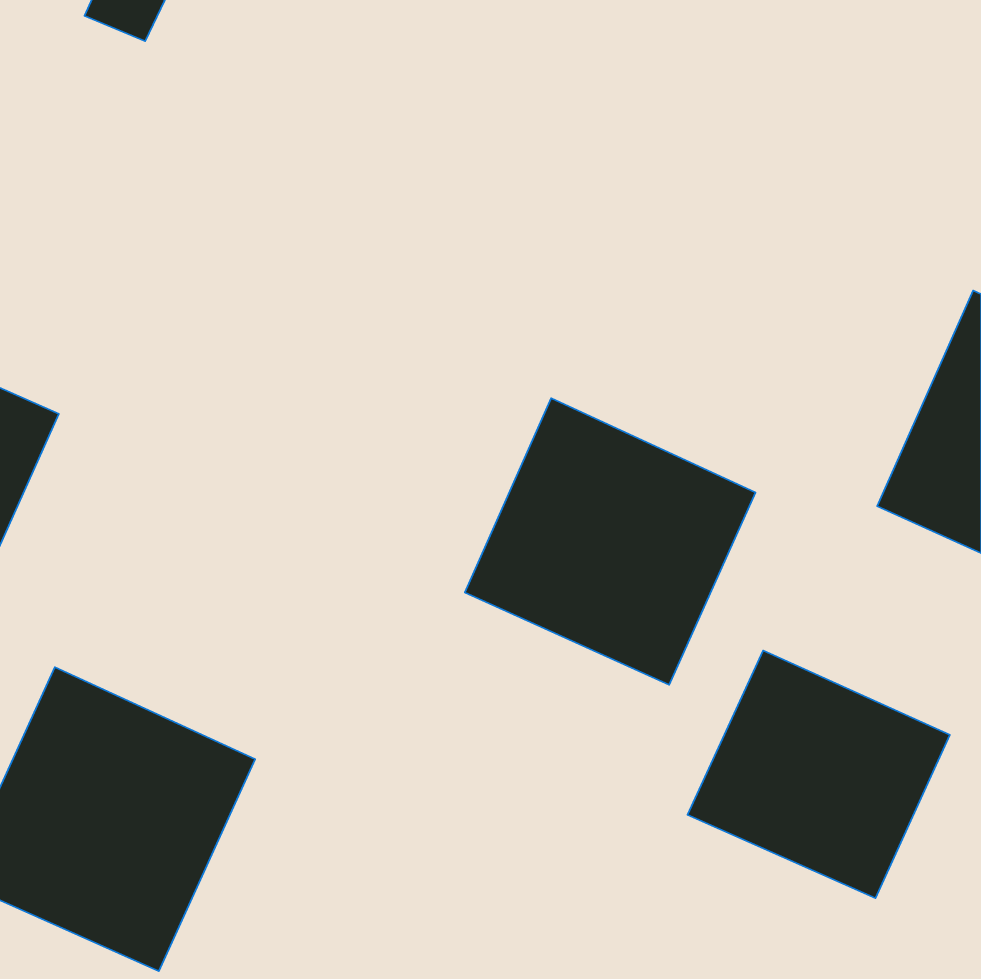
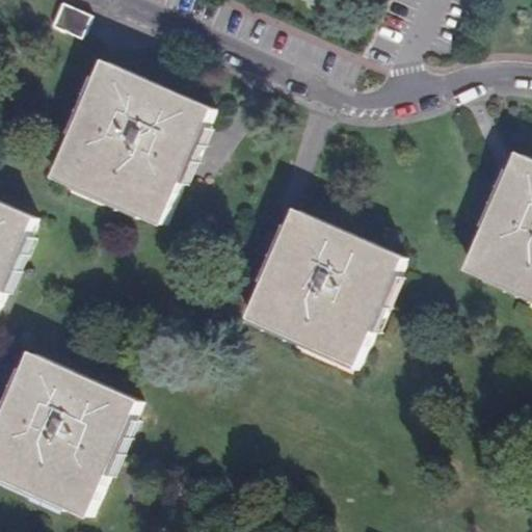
building: none -> [49,60,207,222]
building: [688,650,950,898] -> none

